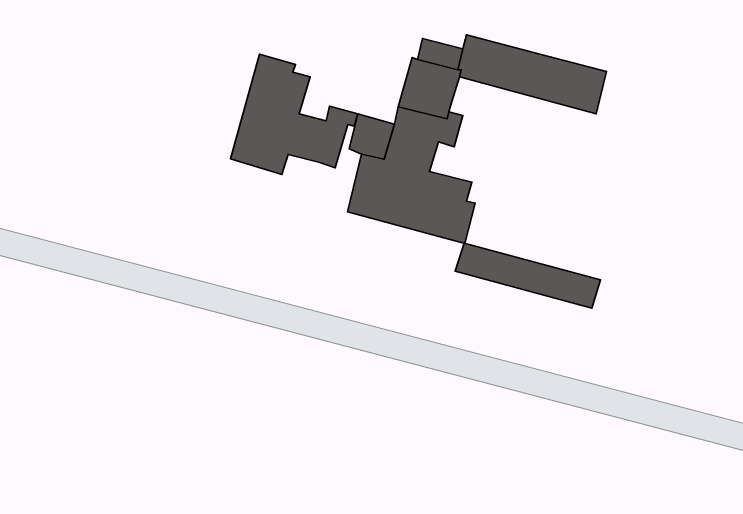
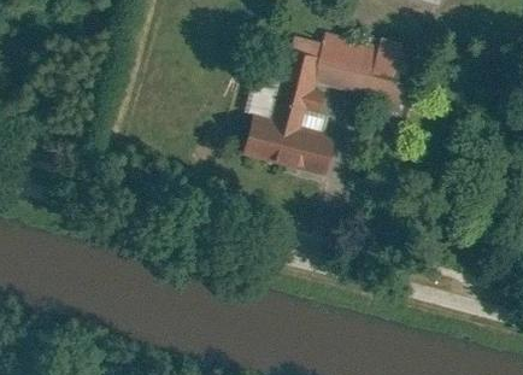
building: [231,54,358,174] -> none
building: [455,243,601,308] -> [316,64,416,109]

